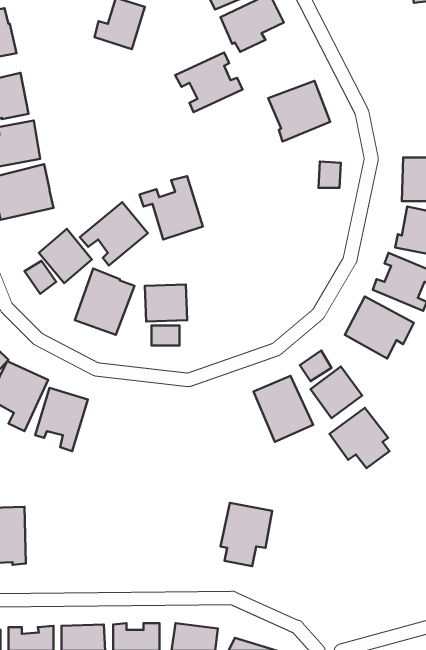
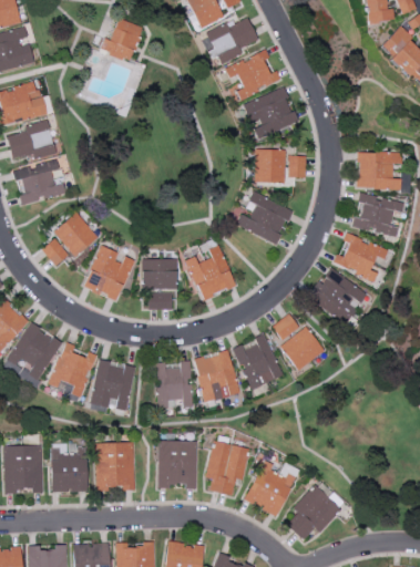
building: [175,53,243,112] -> [224,49,280,99]
building: none -> [254,148,285,182]
building: [139,176,203,240] -> [181,245,234,298]
building: [80,202,148,265] -> none
building: none -> [235,192,290,244]
building: none -> [194,351,238,402]
building: none -> [91,360,134,409]
building: none -> [154,361,191,406]
building: [329,408,390,468] -> none
building: none -> [157,440,196,488]
building: none -> [95,442,135,489]
building: none -> [50,445,88,492]
building: none -> [245,460,299,515]
building: none -> [286,484,340,539]

